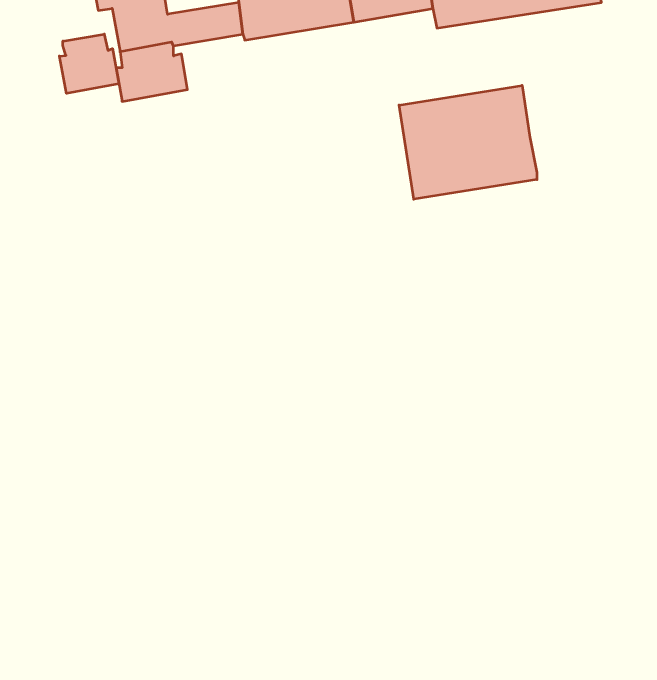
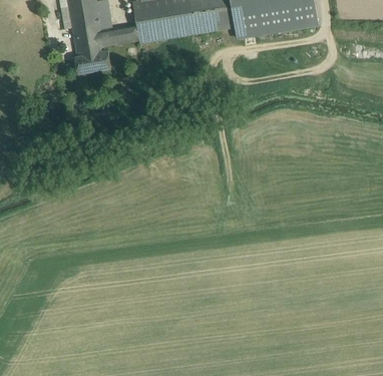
building: [59,34,119,93] -> none
building: [399,85,537,199] -> none

